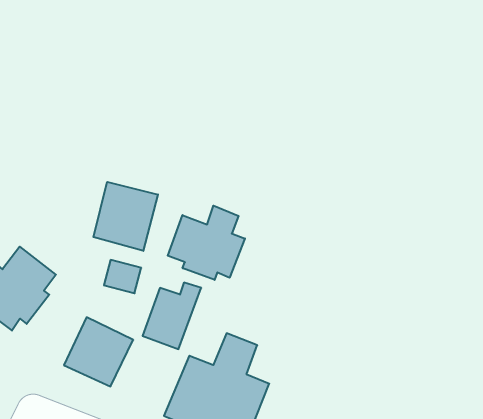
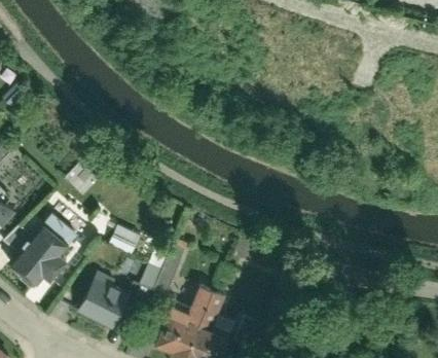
building: [93,182,158,251] -> none
building: [168,206,245,280] -> none

